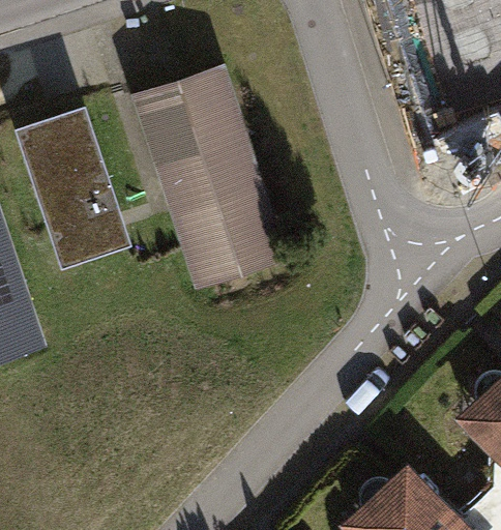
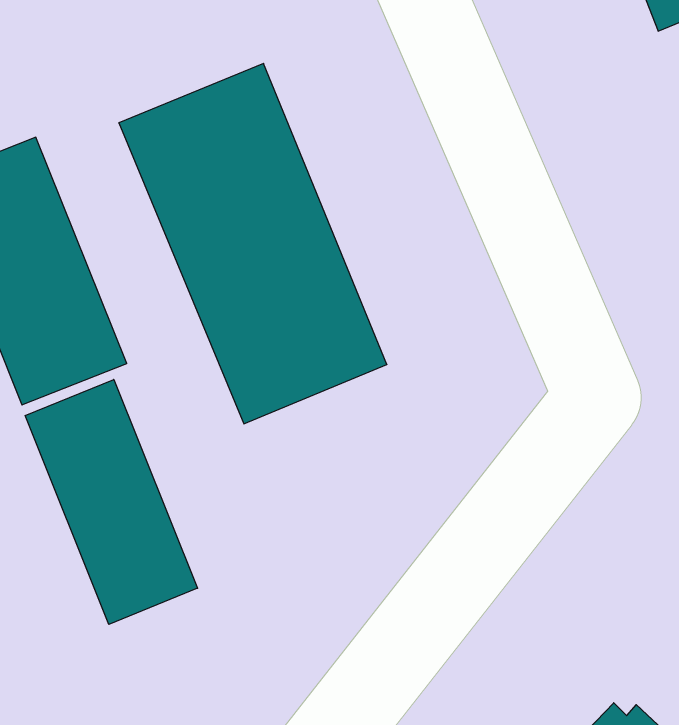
building: none -> [25,379,198,624]

